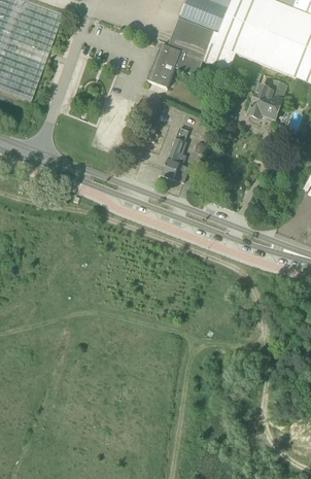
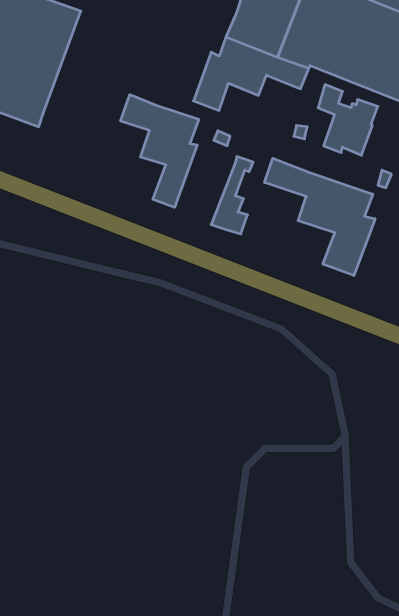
building: none -> [121,95,199,207]
building: none -> [265,158,375,276]

